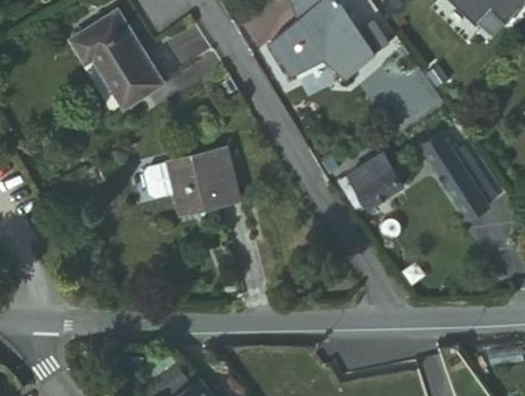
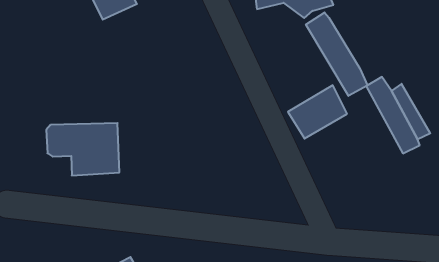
building: none -> [306,12,367,96]
building: [152,149,238,212] -> [46,123,119,175]

